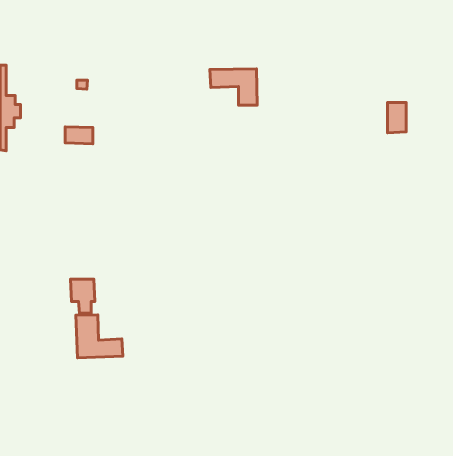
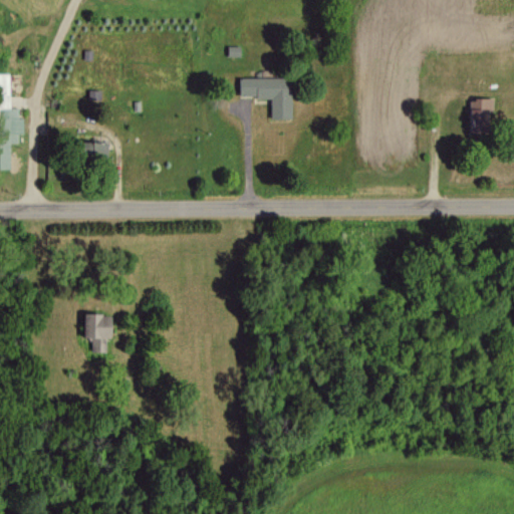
building: [387,102,406,133] -> [471,98,492,133]
building: [76,315,123,358] -> none

